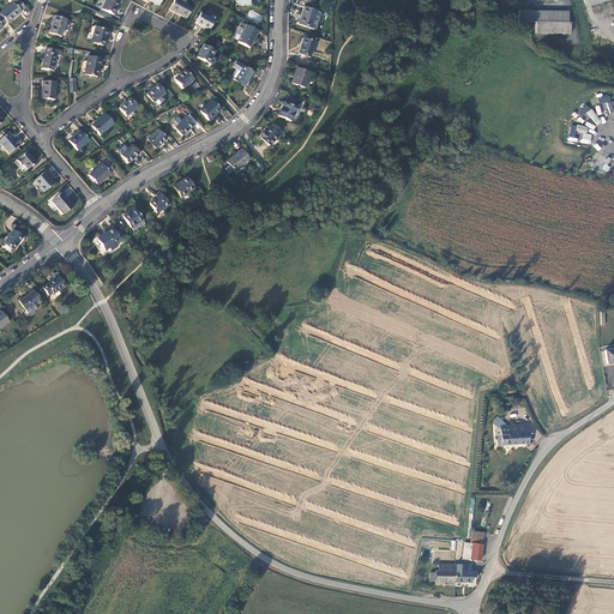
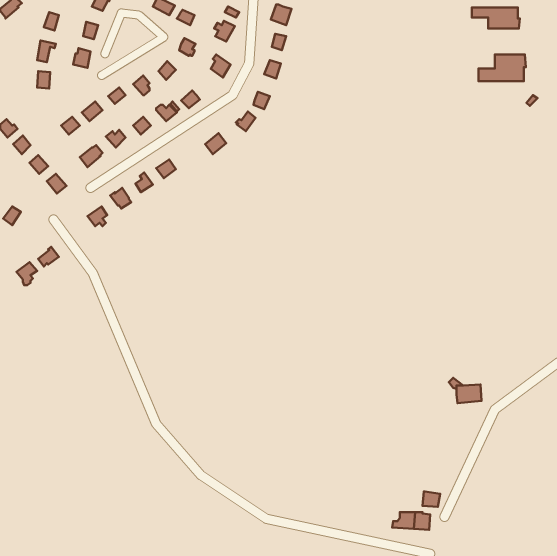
building: none -> [479,54,526,81]

